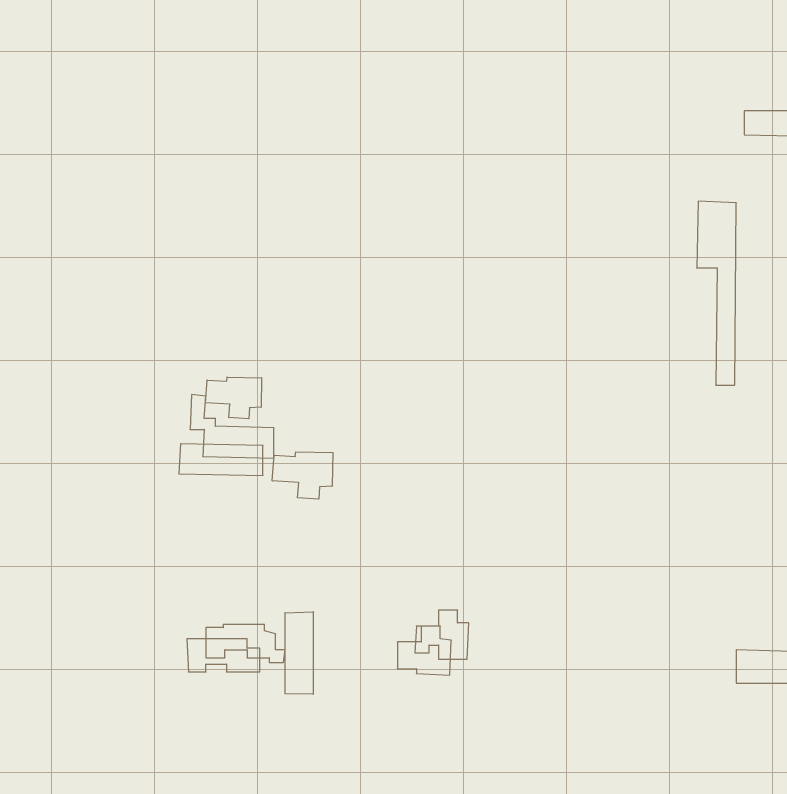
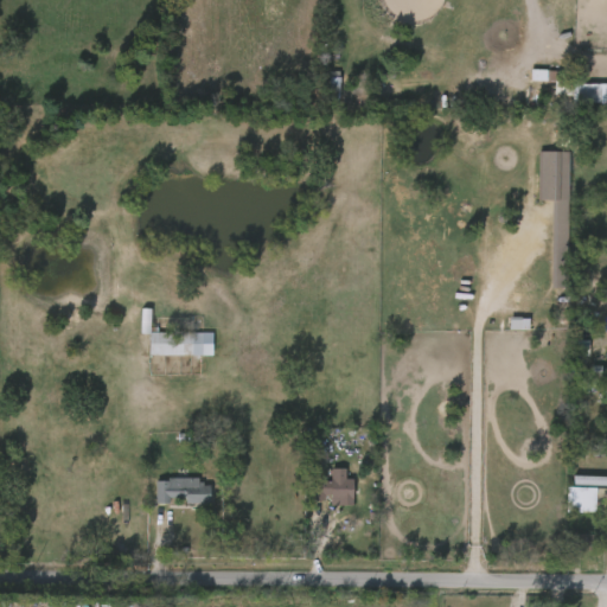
building: [205,377,262,419] -> none
building: [272,452,333,499] -> none
building: [285,612,313,694] -> none

